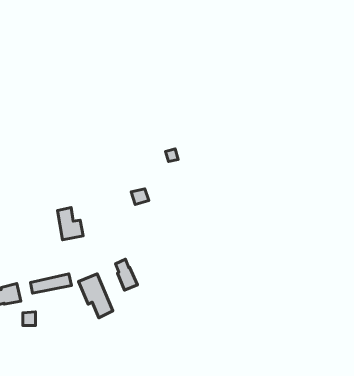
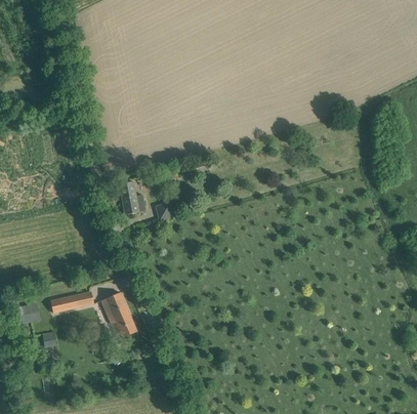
building: [58,208,83,240] -> [120,181,147,215]
building: [115,259,138,290] -> none

